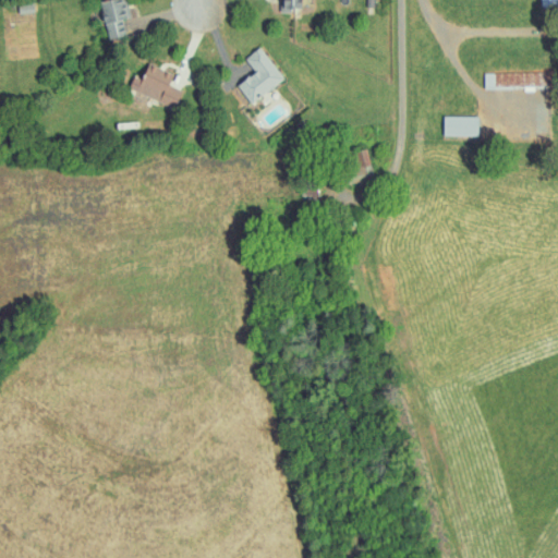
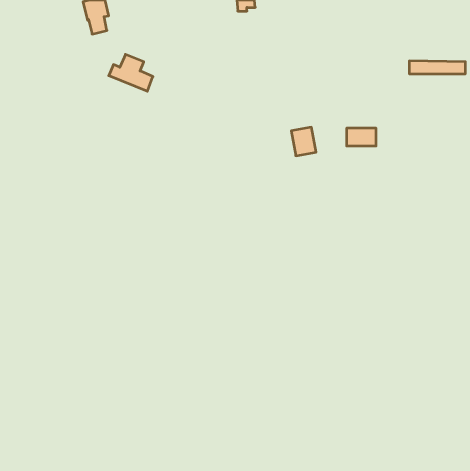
building: [238,47,286,105] -> none
building: [445,116,480,136] -> [347,128,376,146]

